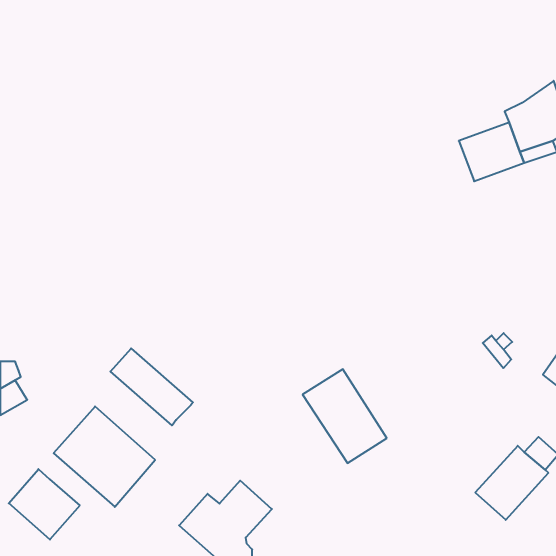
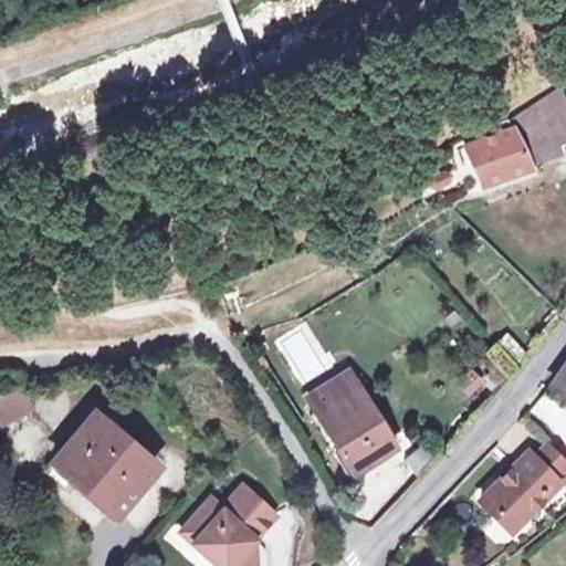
building: [110,348,193,425] -> none
building: [9,469,80,540] -> none

